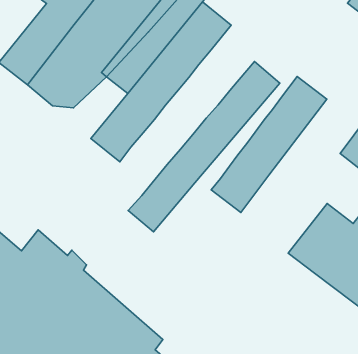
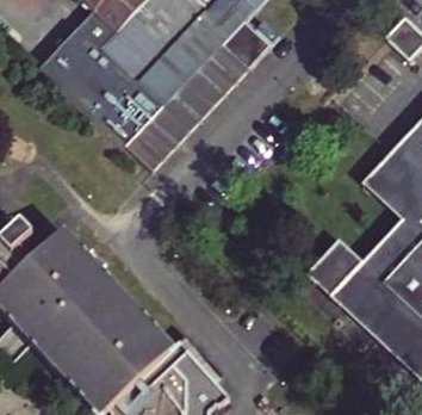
building: [128,62,280,232] -> none
building: [211,77,327,212] -> none
building: none -> [91,88,165,147]

